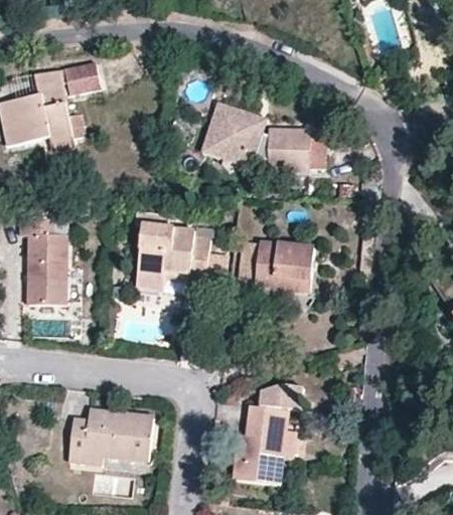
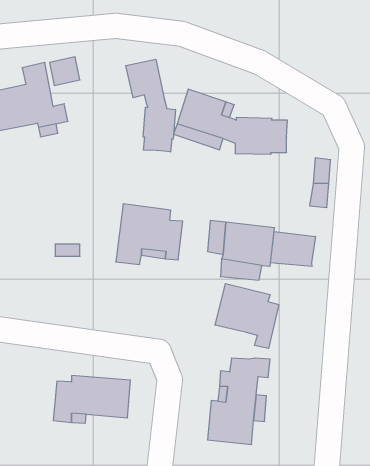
building: none -> [126,59,175,152]
building: [21,219,66,307] -> none
building: none -> [270,231,315,266]
building: none -> [215,284,279,348]

